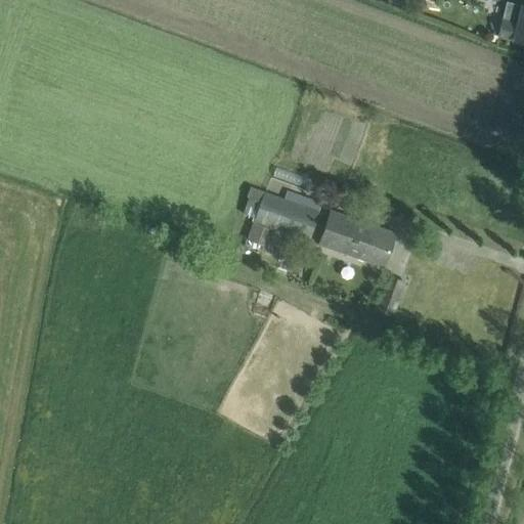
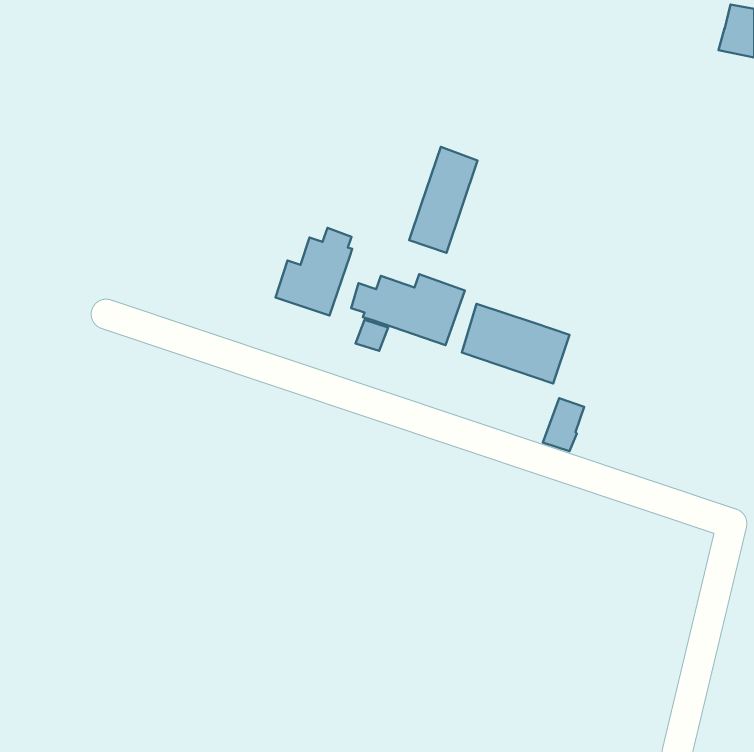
building: none -> [409,147,478,253]
building: none -> [276,228,352,315]

